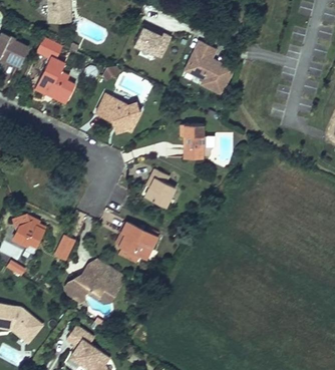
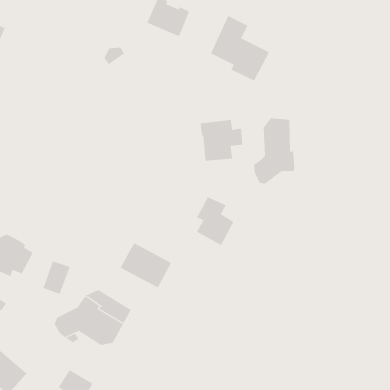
building: [34,38,74,103] -> none
building: [95,93,142,134] -> none
building: none -> [253,117,295,184]
building: [145,168,176,208] -> [196,196,234,246]

